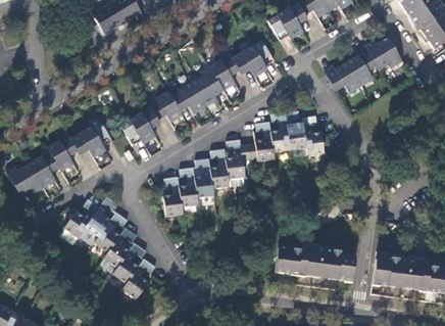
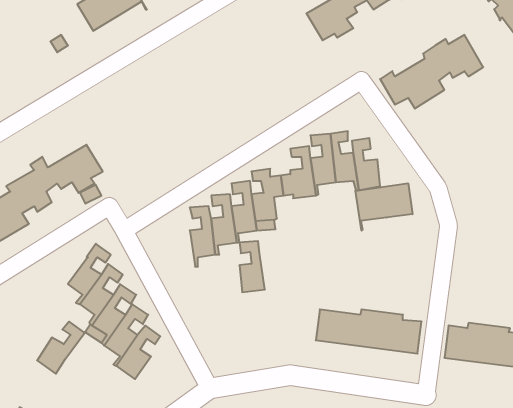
building: [119,42,274,146] -> none
building: none -> [355,183,412,231]
building: [162,178,182,217] -> [239,241,265,292]
building: [63,199,100,239] -> [37,322,85,374]

